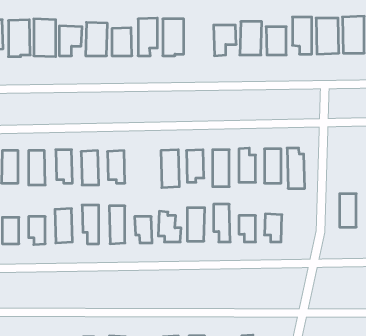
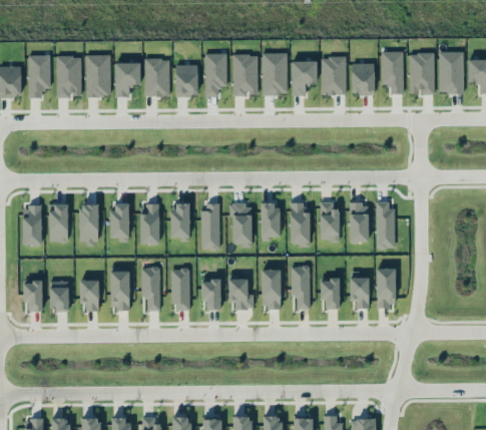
building: none -> [262,52,287,94]
building: none -> [199,202,220,250]
building: [340,194,356,227] -> [376,269,395,307]

